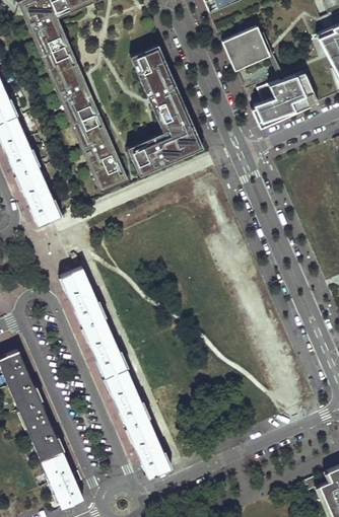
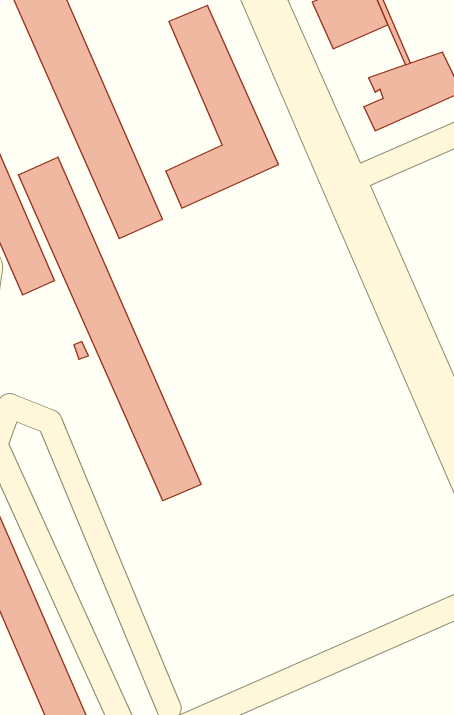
building: none -> [18,157,201,501]
building: [61,268,170,477] -> none

